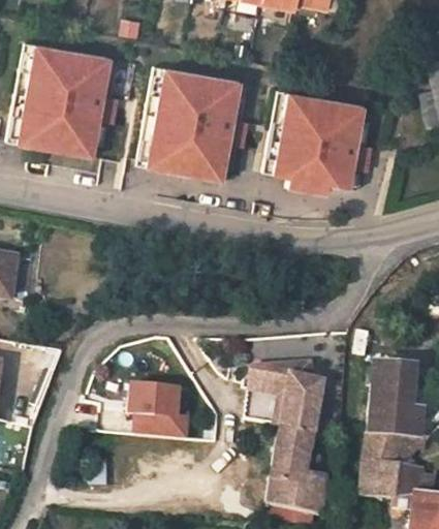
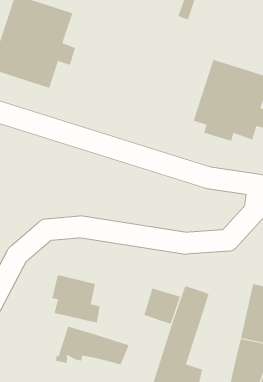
building: [145,68,248,179] -> none
building: [250,366,310,392] -> none
building: none -> [55,326,130,365]

